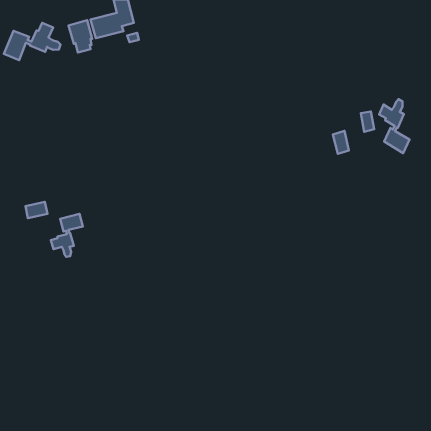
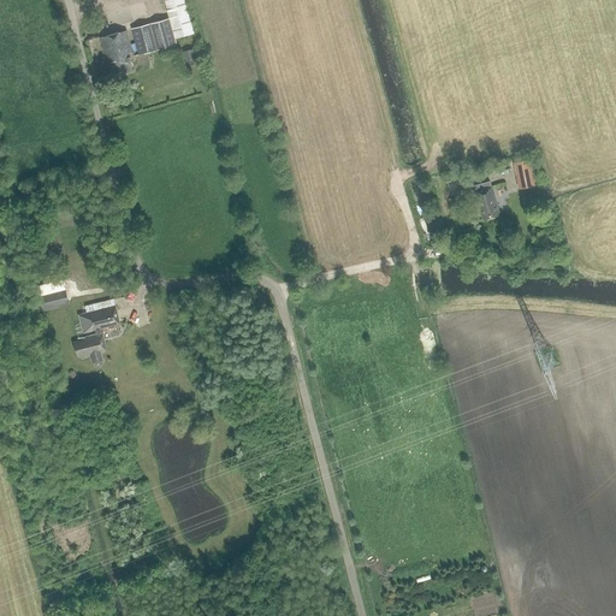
building: [4,23,61,60] -> none
building: [379,99,409,153] -> none

